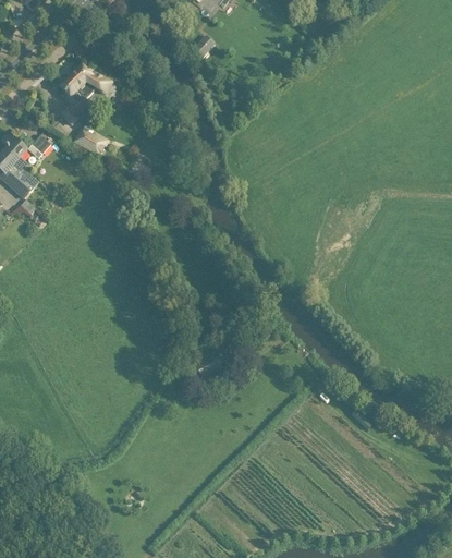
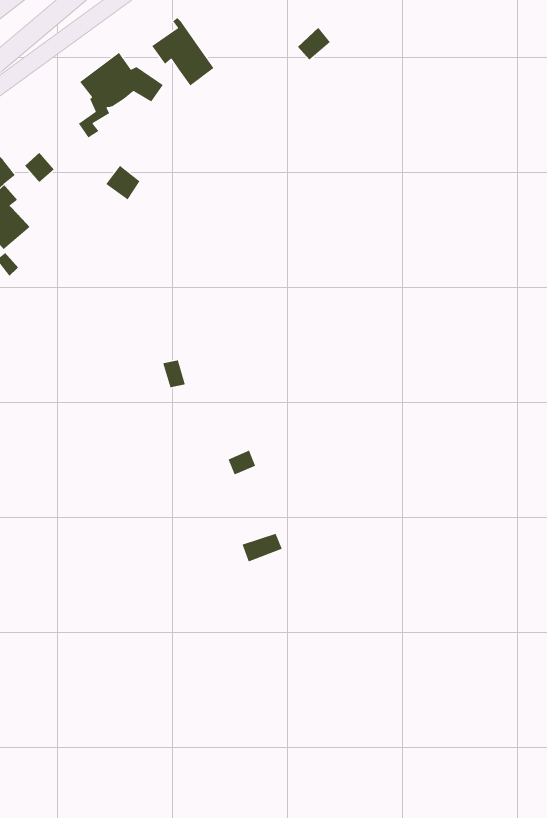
building: none -> [151,17,215,86]

